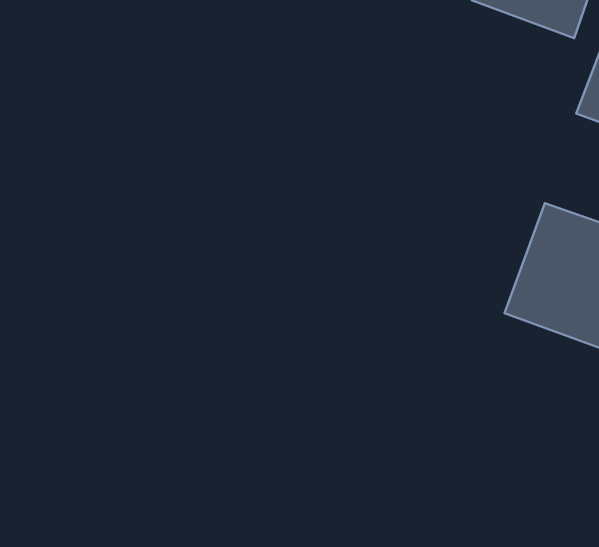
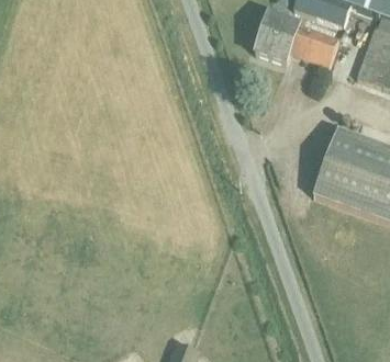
building: none -> [255,12,339,66]

